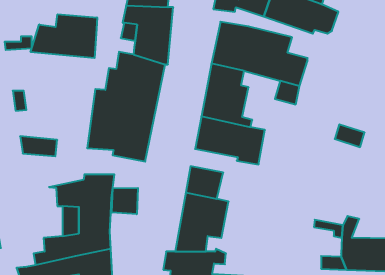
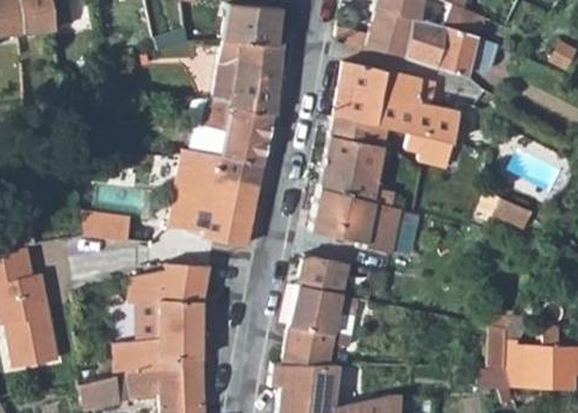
building: [31,14,97,58] -> none
building: [112,188,138,214] -> none

